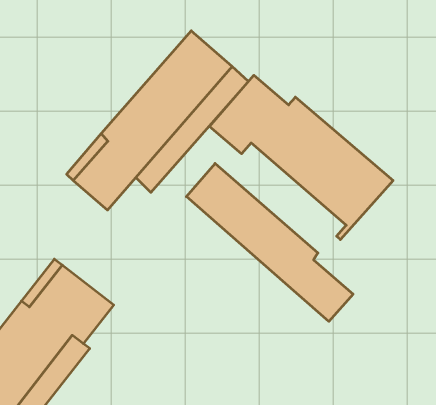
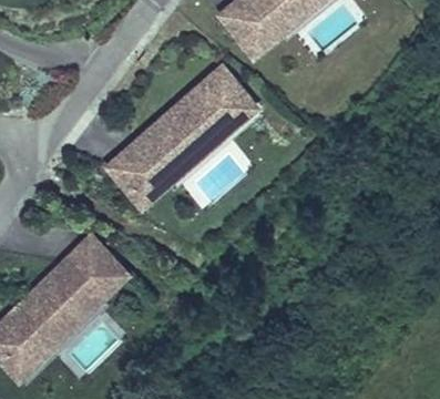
building: [209,75,393,240] -> none
building: [186,163,353,321] -> none

